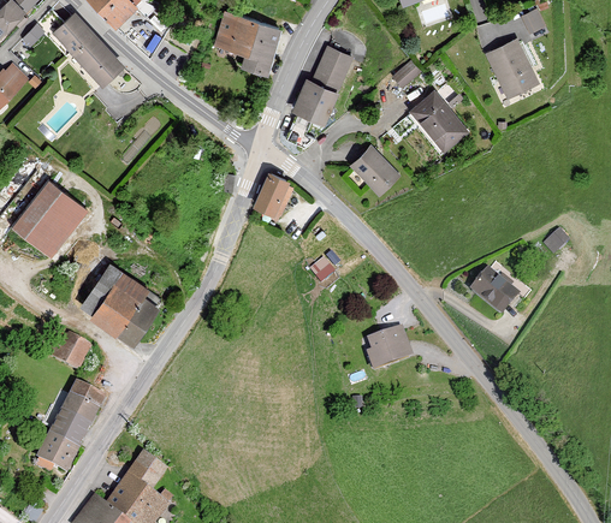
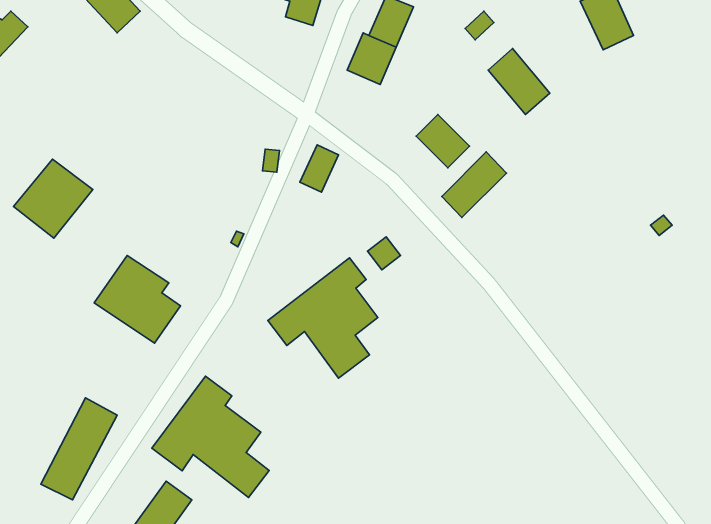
building: none -> [442,152,506,218]
building: none -> [268,258,378,378]
building: [473,271,517,313] -> none
building: [369,329,410,368] -> none
building: [53,334,87,368] -> none
building: none -> [152,376,269,497]

